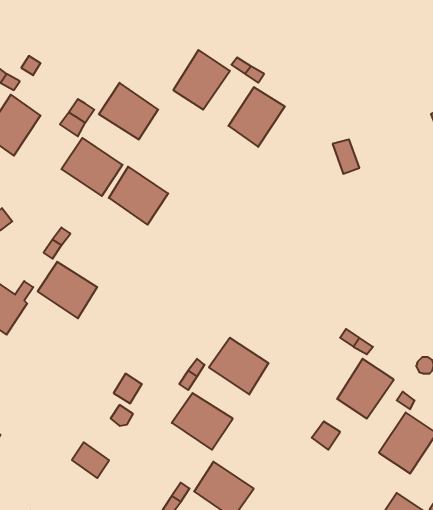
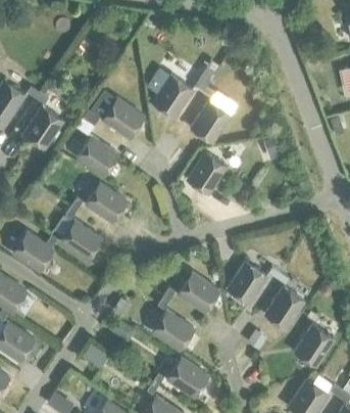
building: none -> [187,152,226,193]
building: [109,167,168,225] -> [86,182,127,222]
building: none -> [227,262,266,304]

